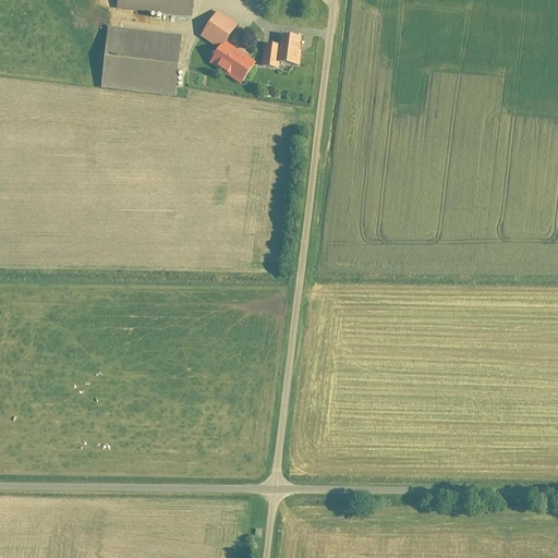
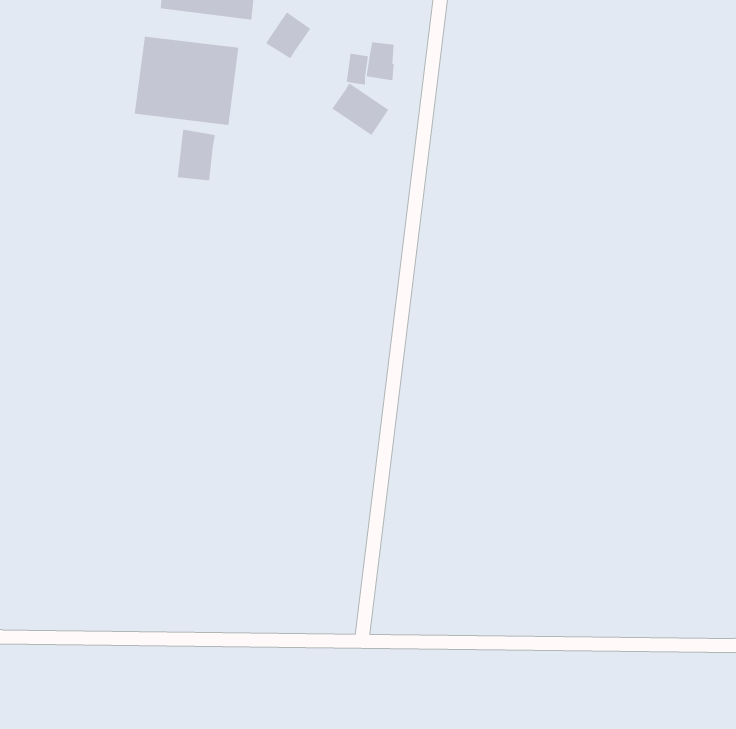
building: [210,39,254,80] -> [331,83,389,136]
building: none -> [177,129,215,181]

